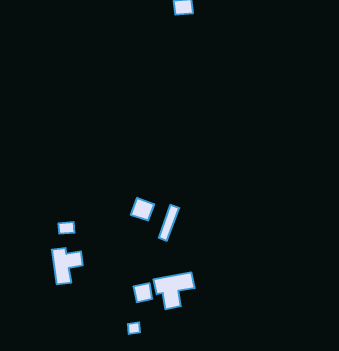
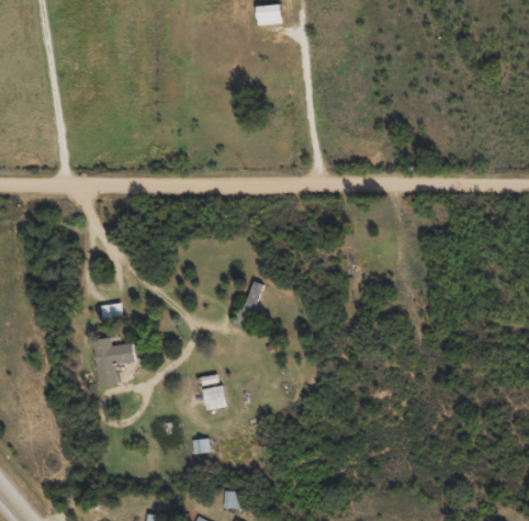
building: [131,198,154,221] -> none
building: [154,272,195,309] -> none

